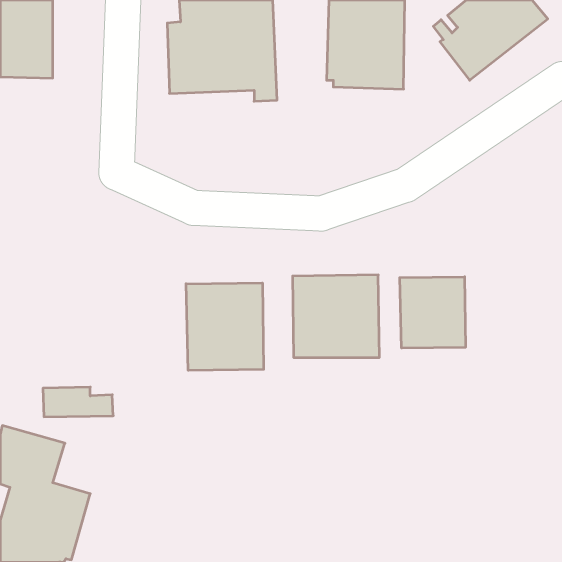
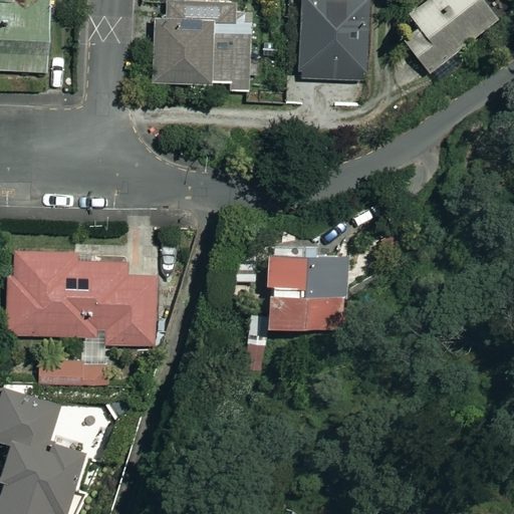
building: none -> [6,238,156,344]
building: [400,277,465,348] -> none
building: [186,283,264,370] -> none

